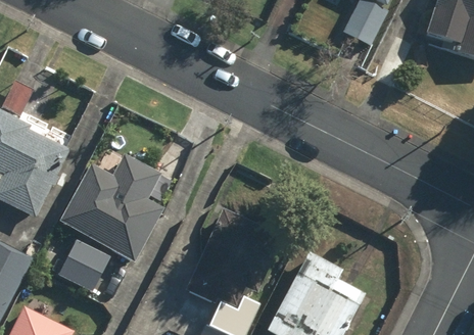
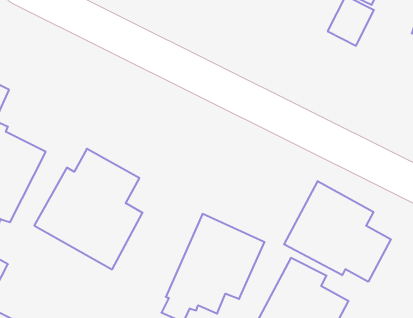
building: none -> [284,181,391,282]
building: [57,239,110,292] -> none

